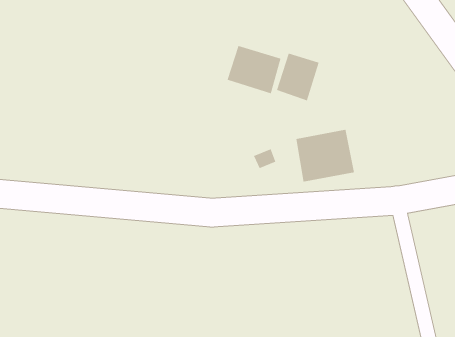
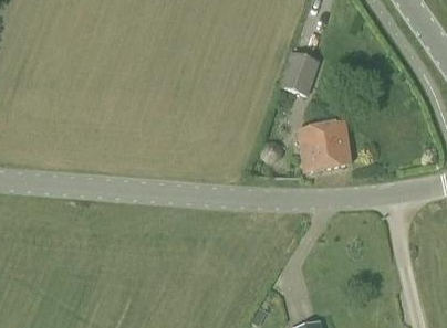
building: [227,45,281,94] -> none

